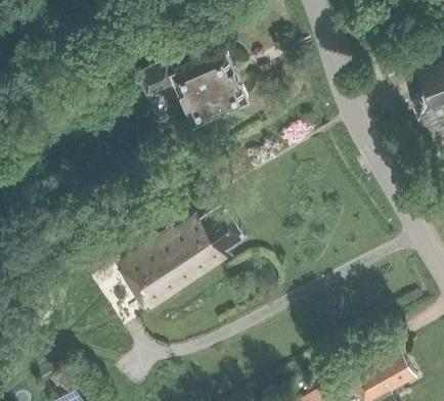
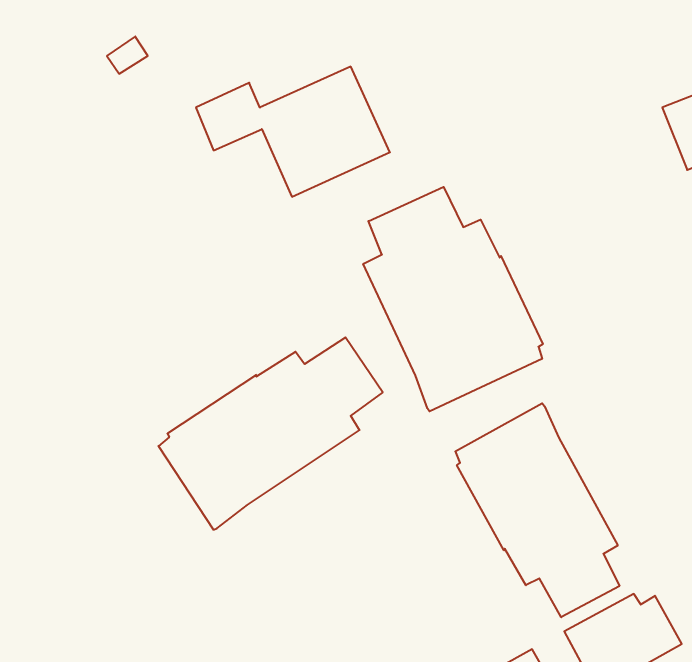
building: none -> [363,187,543,411]
building: none -> [455,403,619,617]

